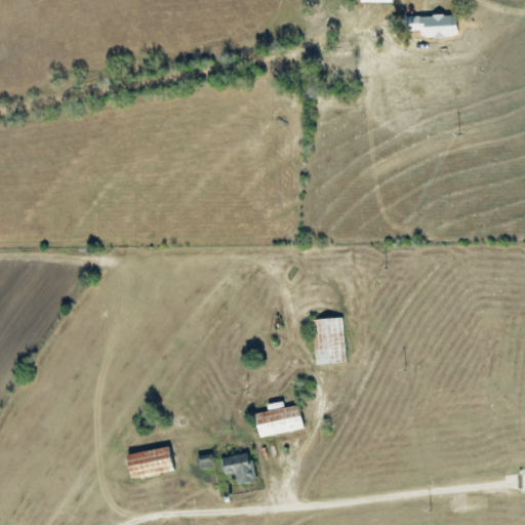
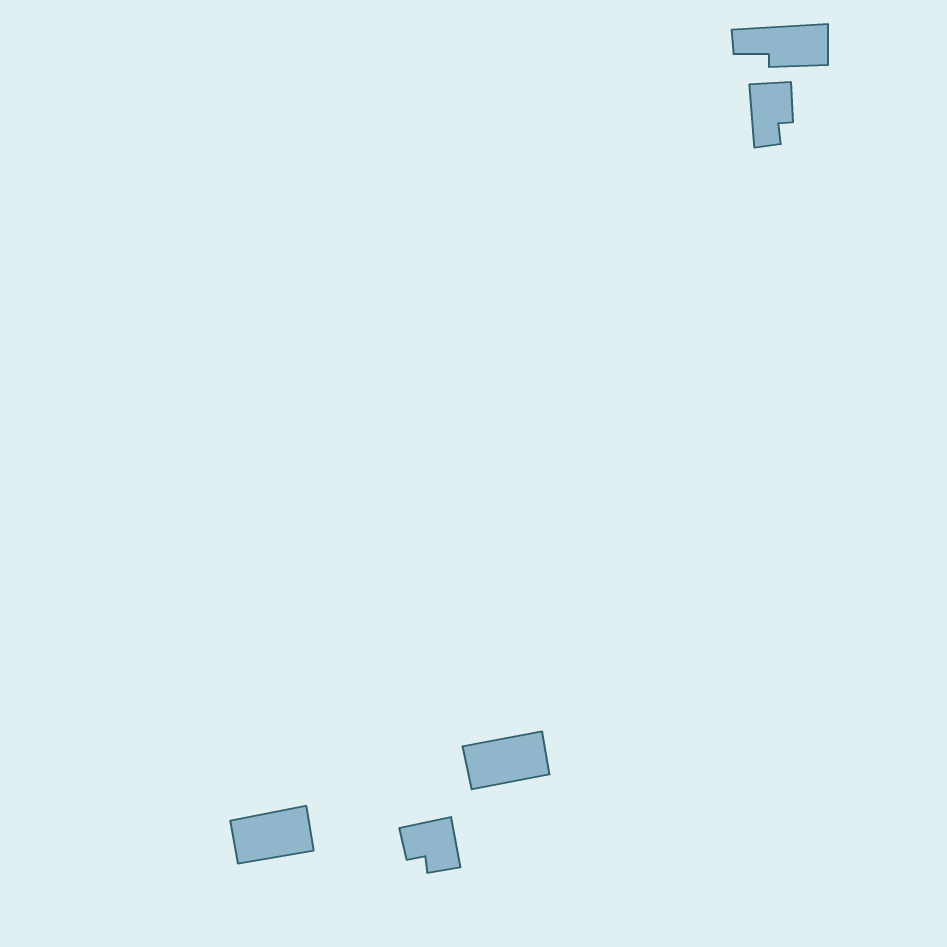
building: none -> [750,82,793,148]
building: [313,317,345,363] -> none

